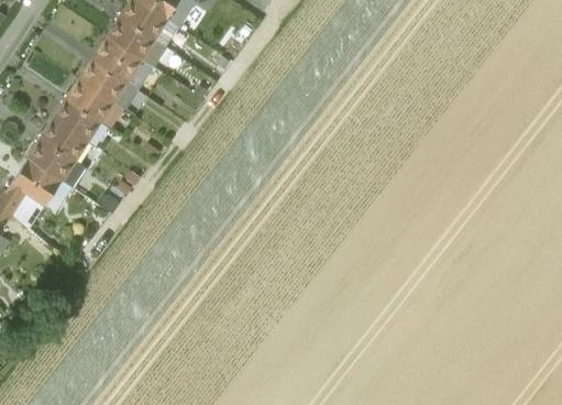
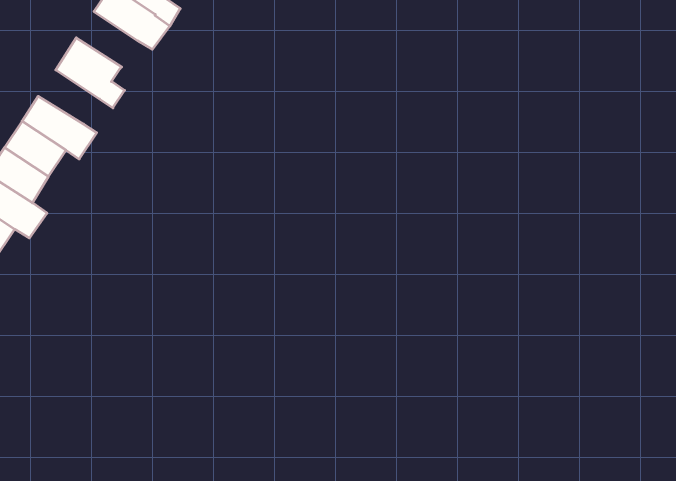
building: [108,17,165,66] -> none
building: [79,61,136,108] -> none

